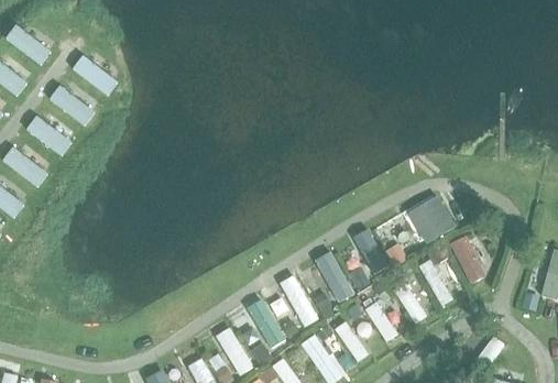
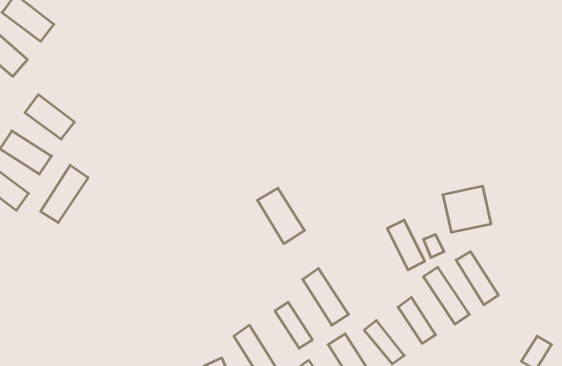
building: [69,55,119,96] -> none
building: [47,84,91,124] -> none
building: none -> [41,165,88,223]
building: [451,236,484,288] -> none
building: [315,249,358,299] -> [257,188,305,244]

